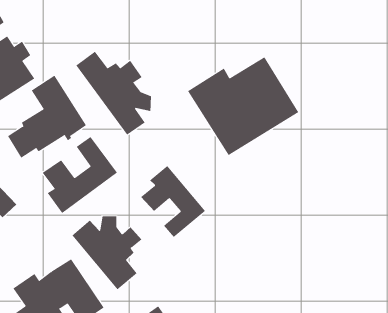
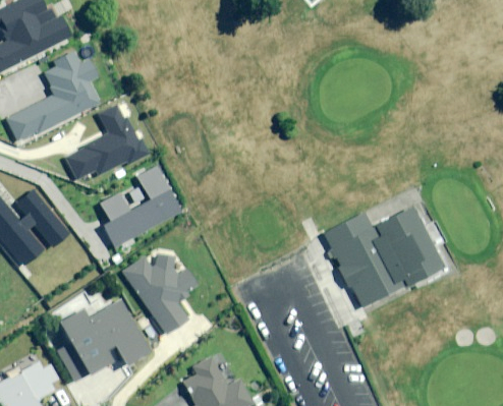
building: [75,51,152,136] -> none
building: [187,57,299,156] -> [324,204,442,306]
building: [140,165,206,238] -> none

